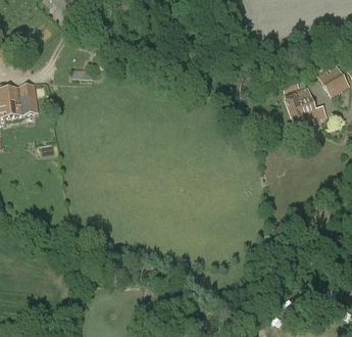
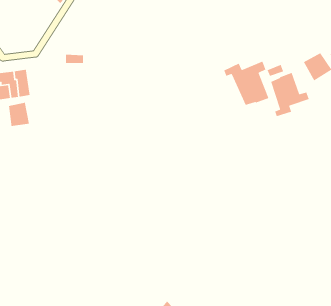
building: none -> [223,61,270,106]
building: none -> [8,102,30,127]

